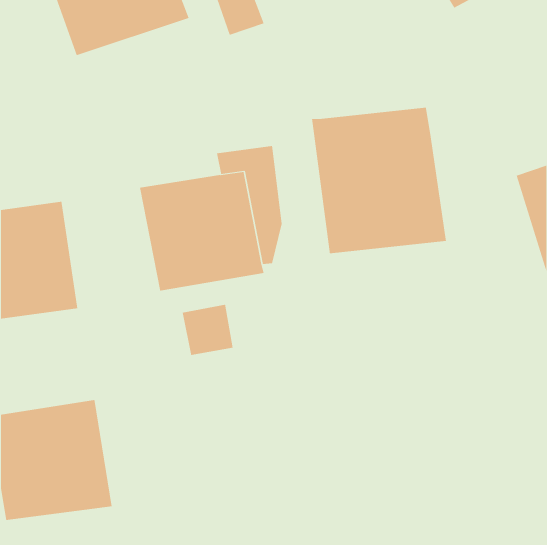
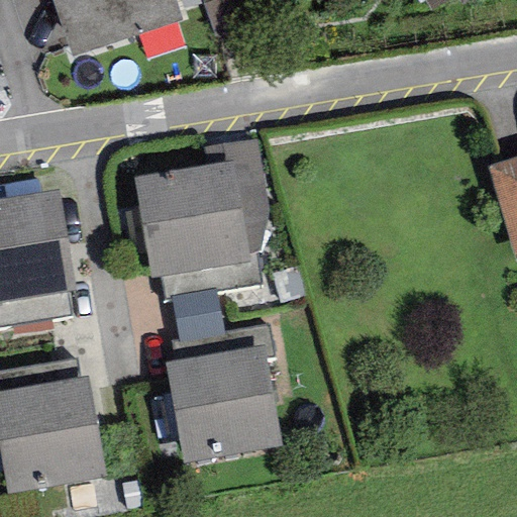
building: [312,107,446,254] -> none
building: none -> [165,347,282,462]

